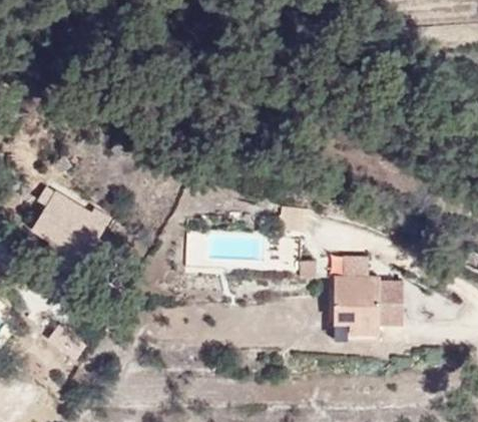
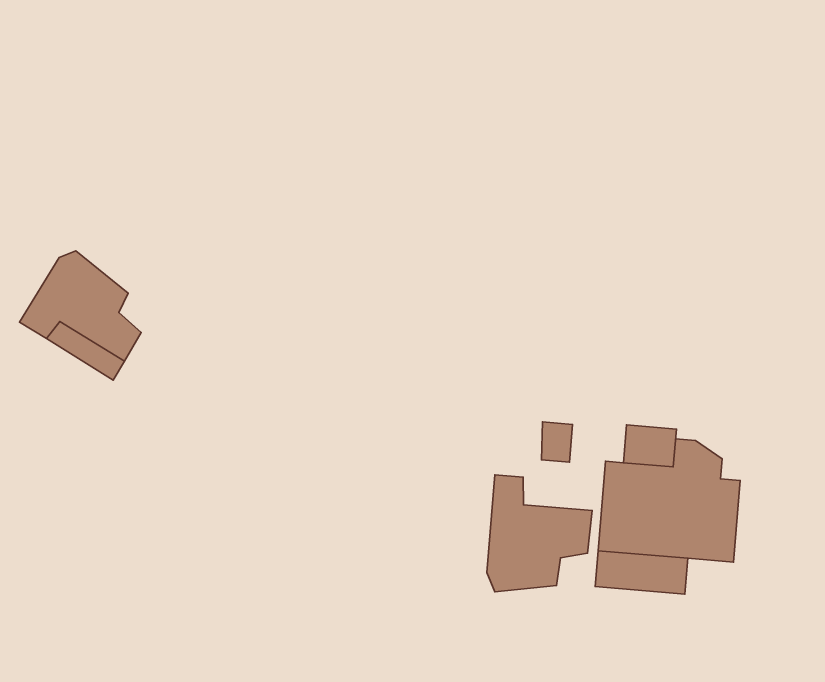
building: none -> [487,475,592,592]

